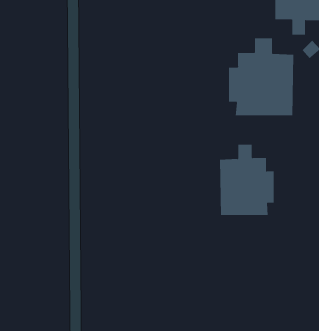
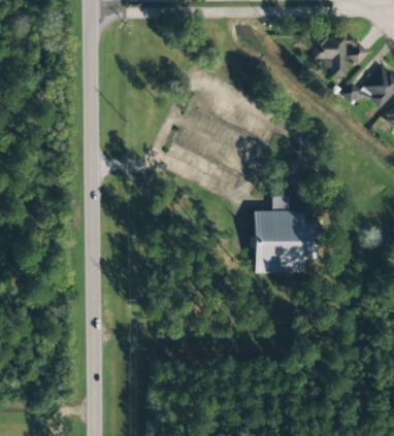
building: [229,37,294,116] -> none

